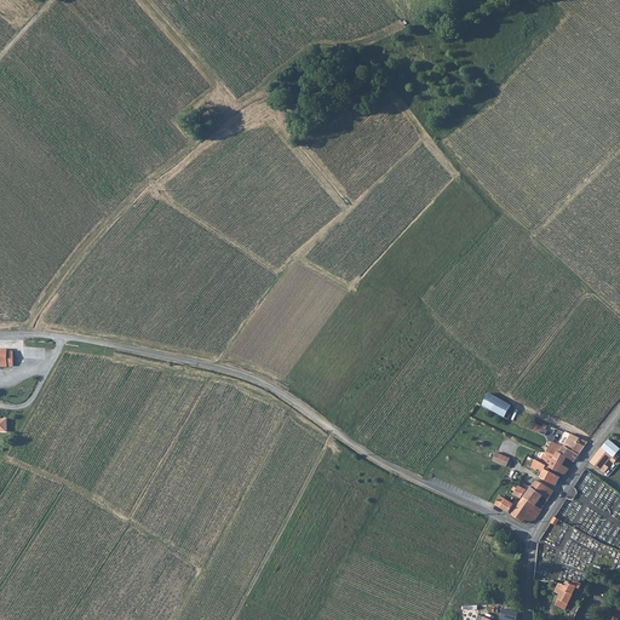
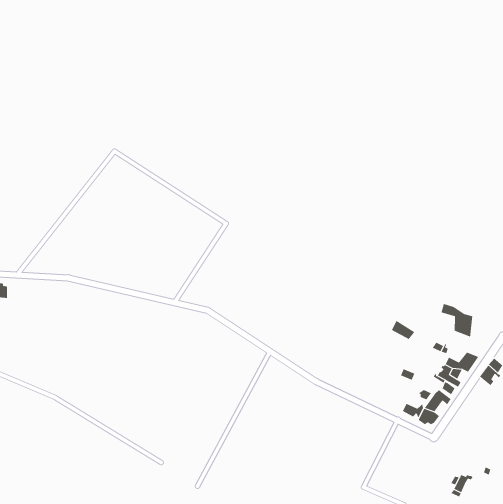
building: none -> [441,303,473,337]

